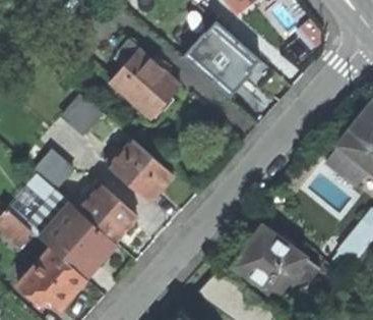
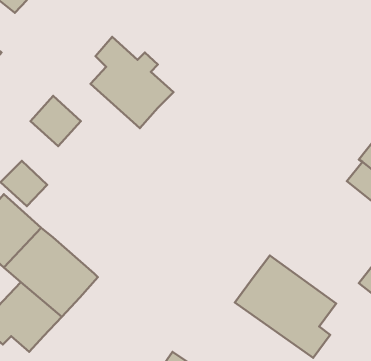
building: [182,17,261,96] -> none
building: [107,139,172,202] -> none
building: [78,185,135,242] -> none

